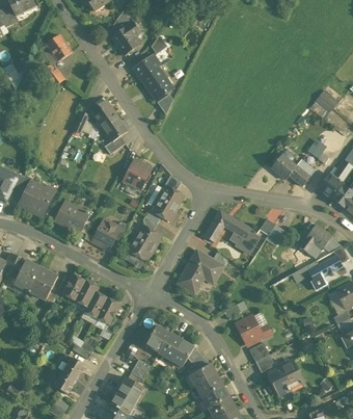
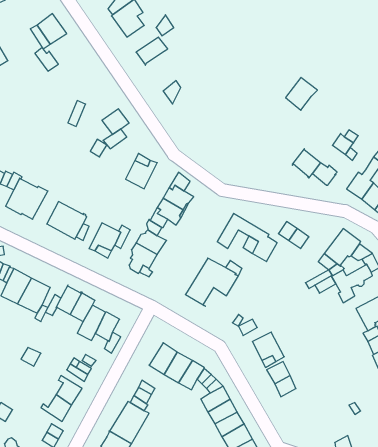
building: [142,68,171,100] -> none
building: [309,90,337,120] -> [286,77,317,110]
building: [90,100,117,129] -> none
building: [268,361,302,392] -> none

